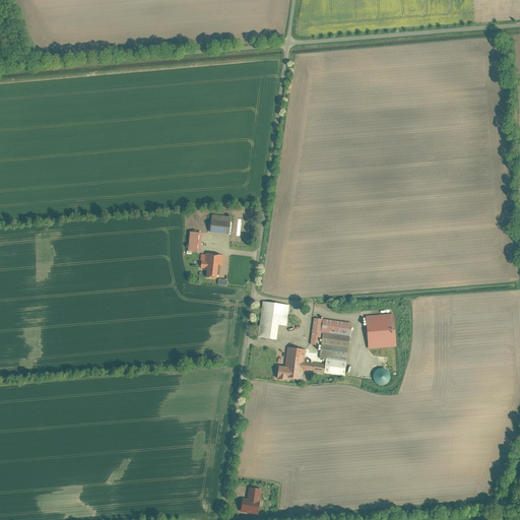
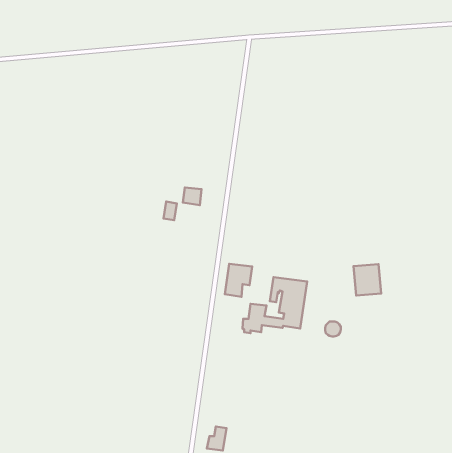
building: [199,253,221,278] -> none
building: [365,313,396,348] -> [354,264,381,295]

